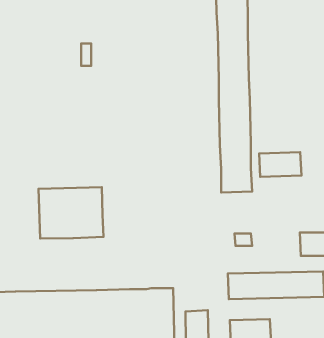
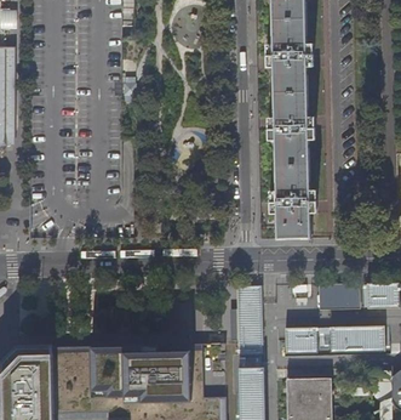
building: [259,152,301,177] -> [319,283,365,310]
building: [39,187,103,238] -> none
building: none -> [237,286,264,354]

